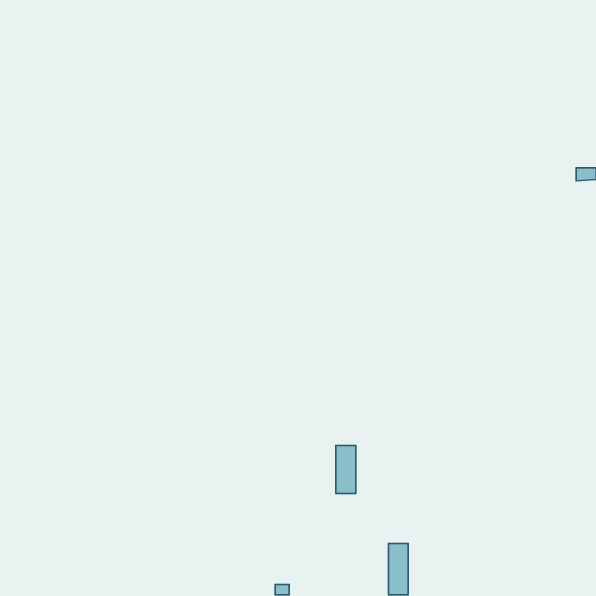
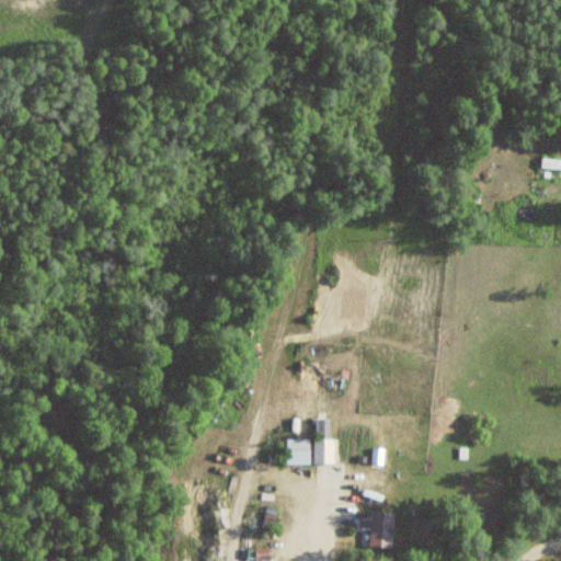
building: none -> [286,438,311,463]

